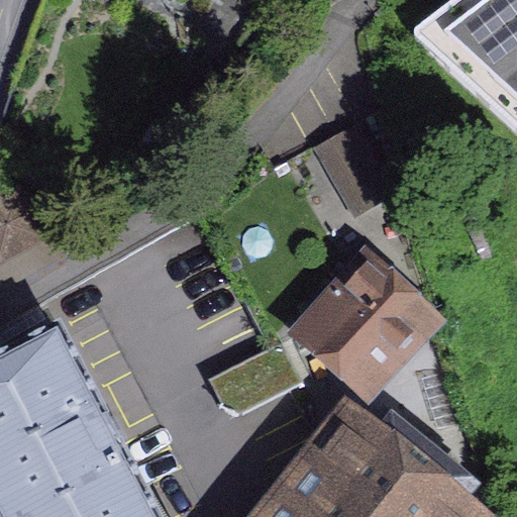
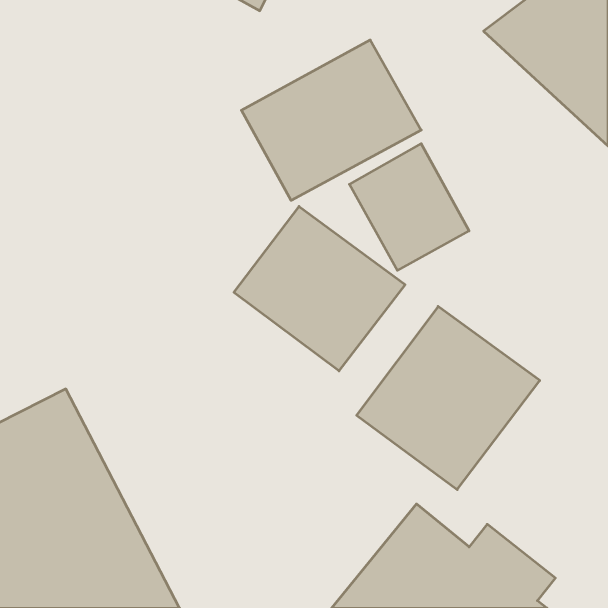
building: none -> [241,40,421,200]
building: none -> [234,206,405,371]

